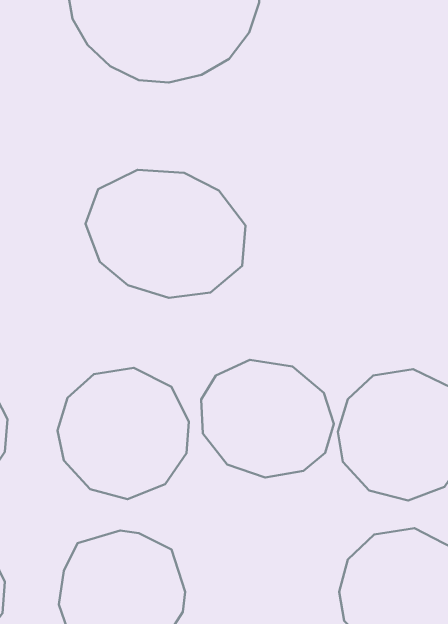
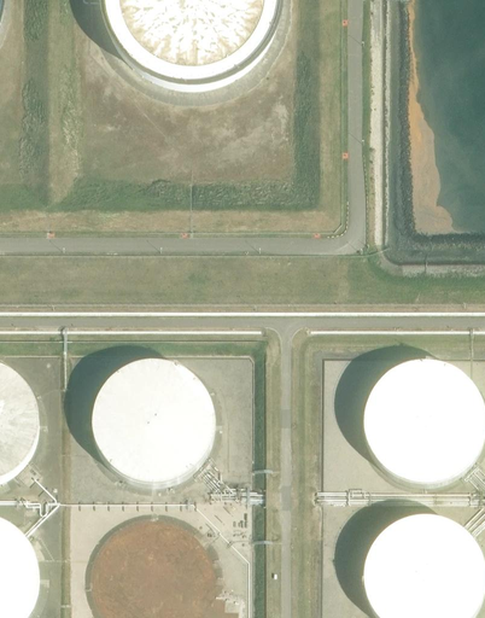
building: [85,170,245,298] -> none
building: [201,360,334,478] -> none

